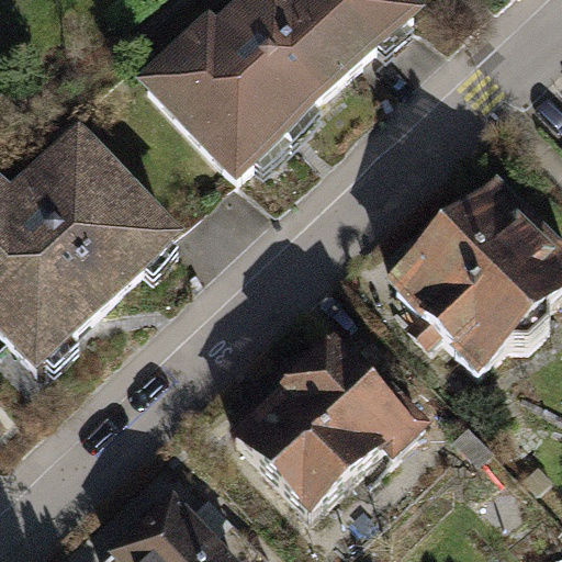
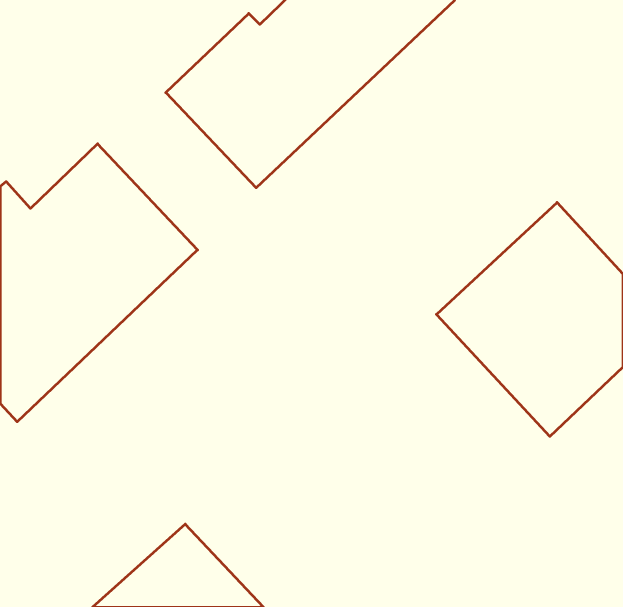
building: [232,340,429,527] -> none

